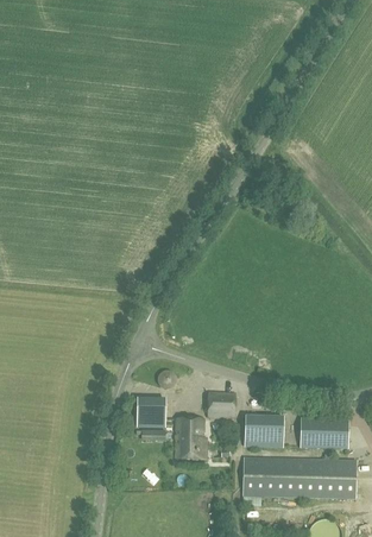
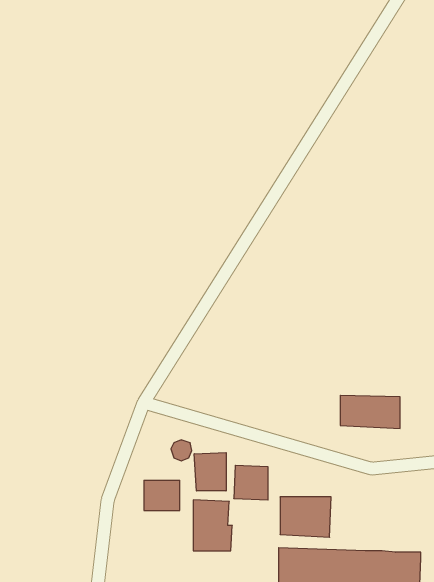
building: none -> [194,453,226,491]
building: [300,422,347,448] -> [340,395,400,428]

